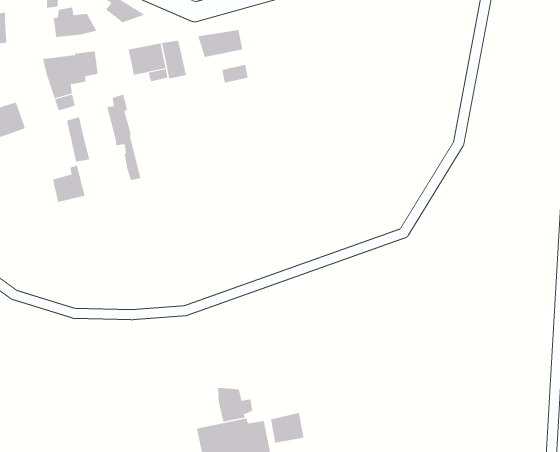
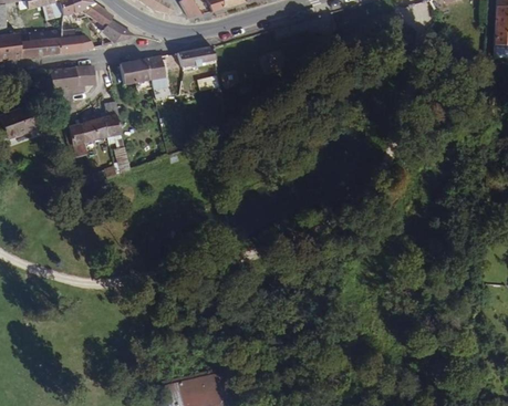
building: none -> [20,29,63,59]
building: [52,165,86,202] -> [82,112,110,143]
building: [218,387,253,422] -> none
building: [270,412,304,444] -> none

